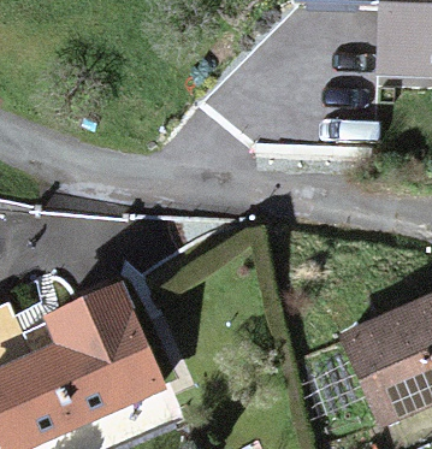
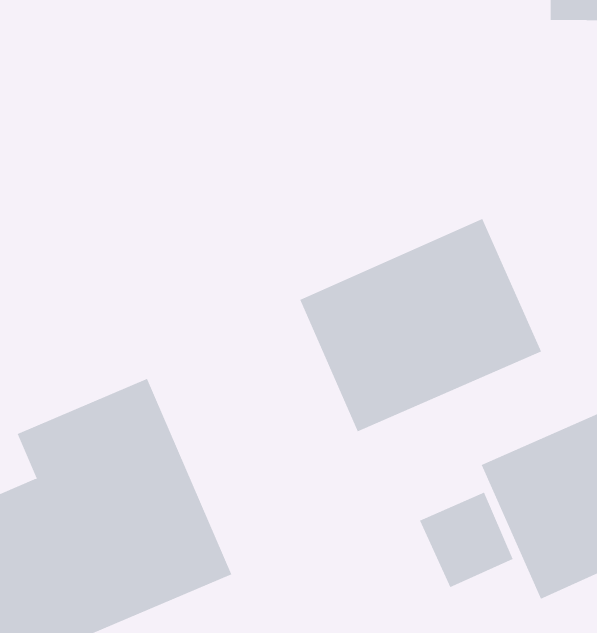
building: none -> [300,218,542,432]

